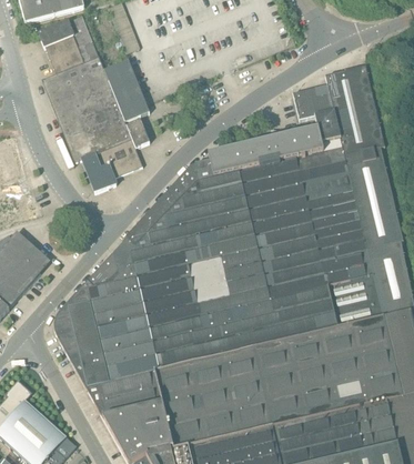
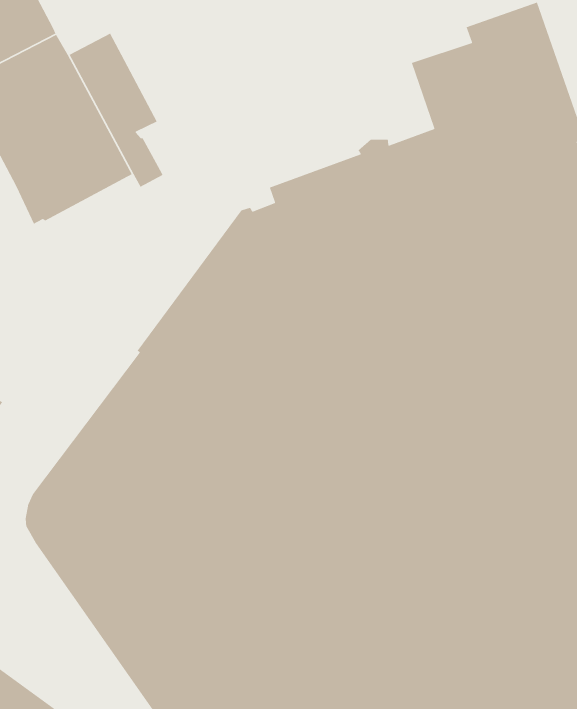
building: [82,141,143,193] -> none

